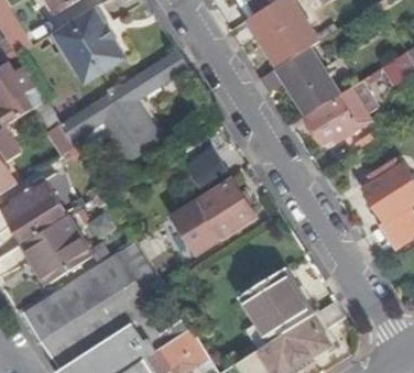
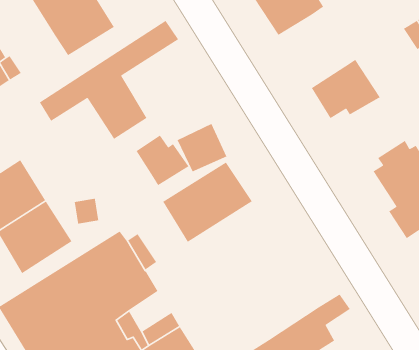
building: [258,47,337,113] -> none
building: none -> [136,134,189,186]
building: [238,267,313,342] -> none

